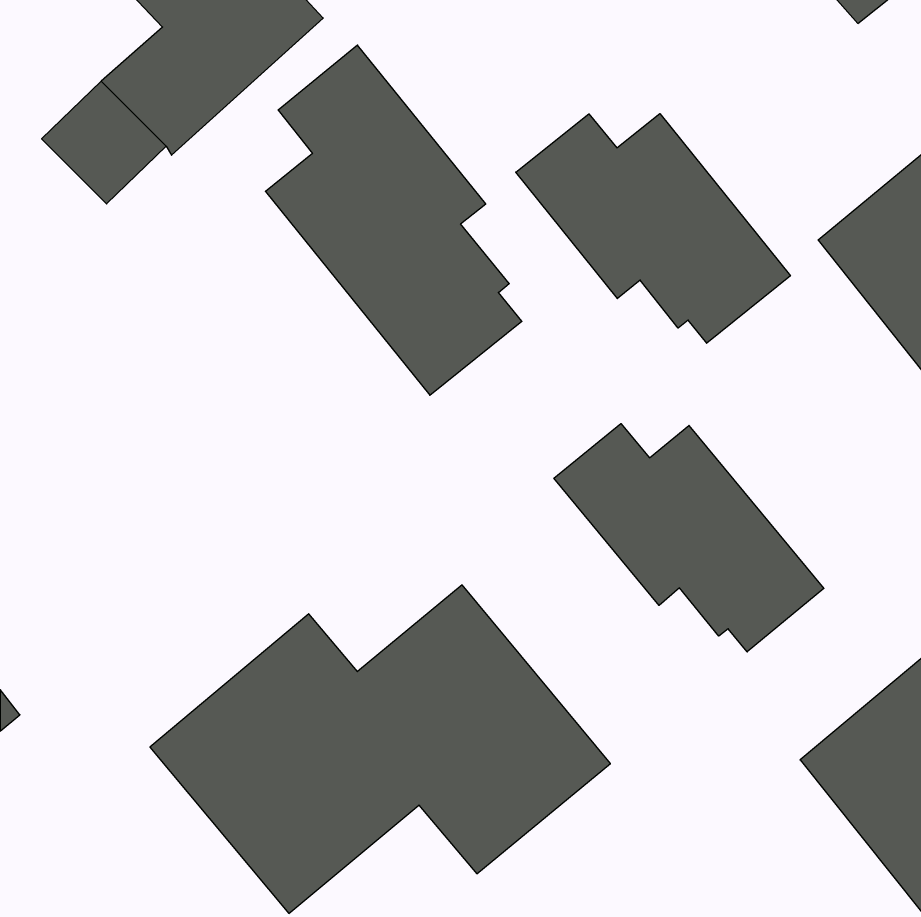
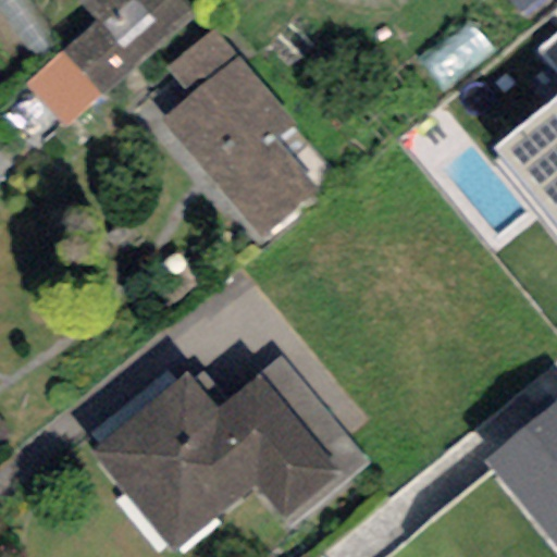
building: [516,114,790,343] -> none
building: [554,424,824,652] -> none

